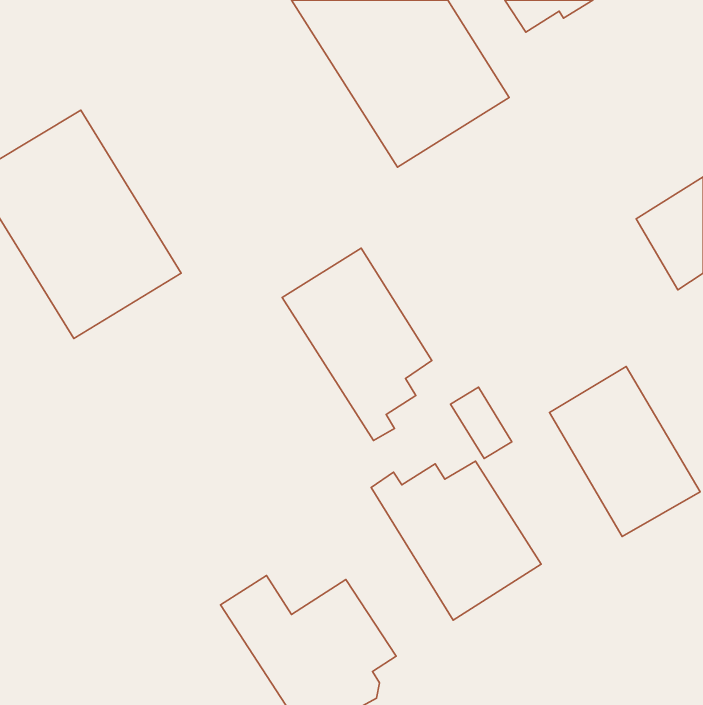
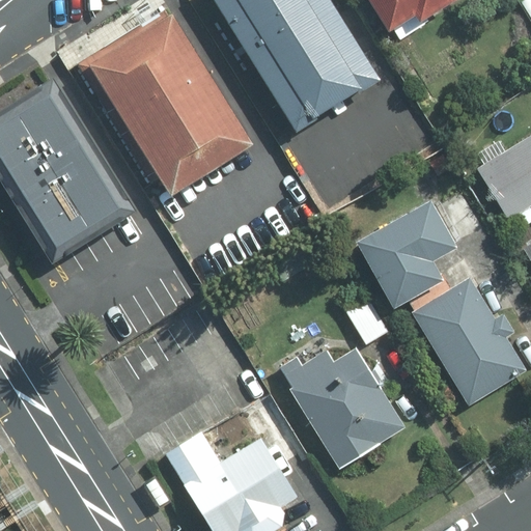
building: none -> [93,16,255,196]
building: [282,248,432,440] -> none
building: none -> [358,197,456,305]

